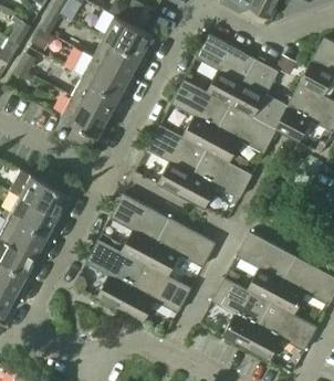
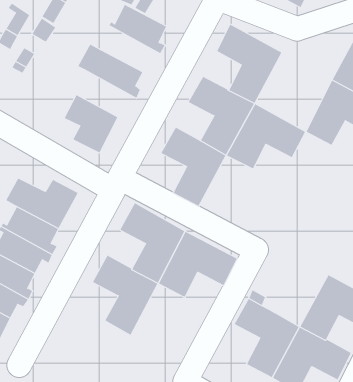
building: [94,35,147,77] -> none
building: [231,60,289,130] -> none
building: [72,75,126,117] -> none
building: [181,151,252,210] -> none
building: [237,232,296,304] -> none
building: [121,265,191,324] -> none

